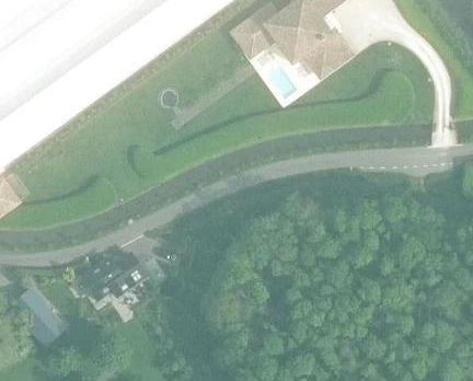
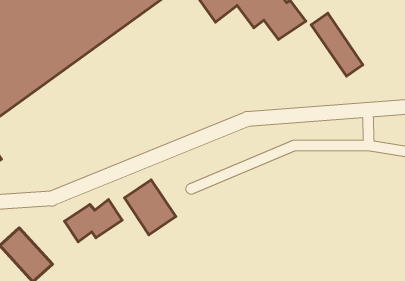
building: none -> [311,13,363,76]
building: none -> [124,180,176,235]

